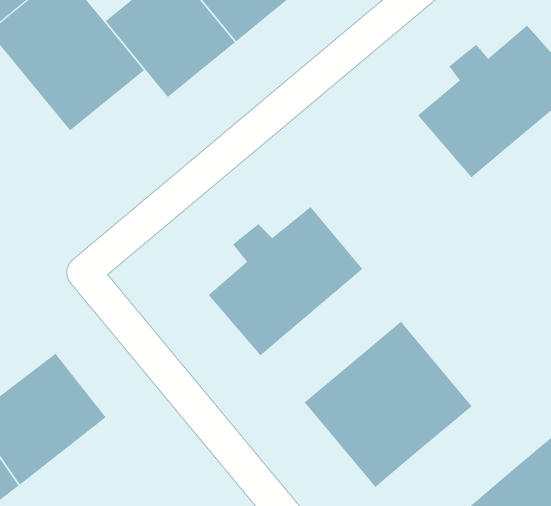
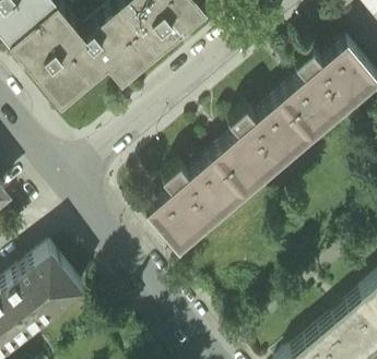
building: none -> [212,98,313,194]
building: [304,321,472,488] -> none

